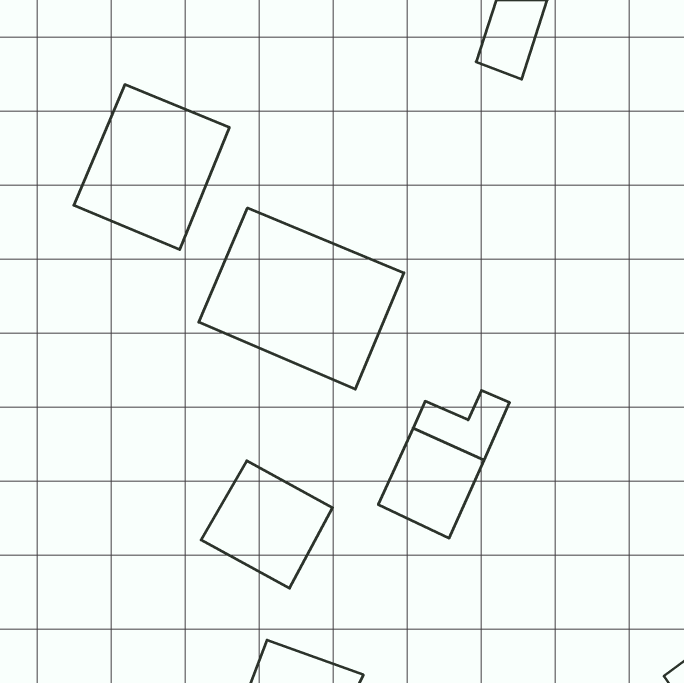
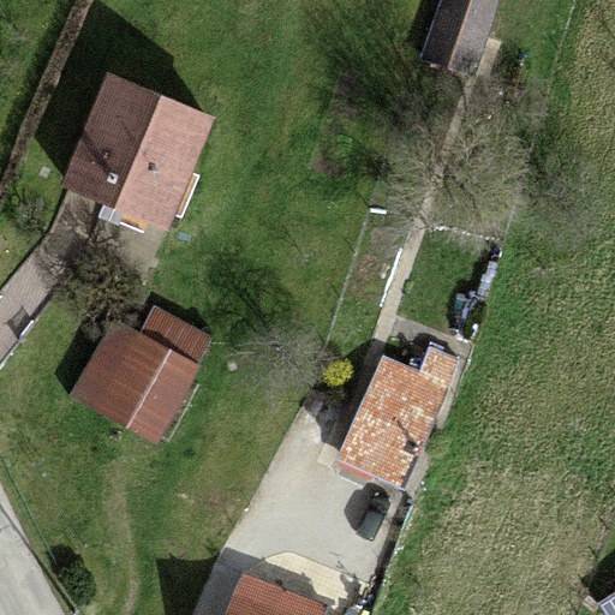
building: [199,208,404,389] -> none
building: [201,461,333,588] -> [74,321,192,435]

